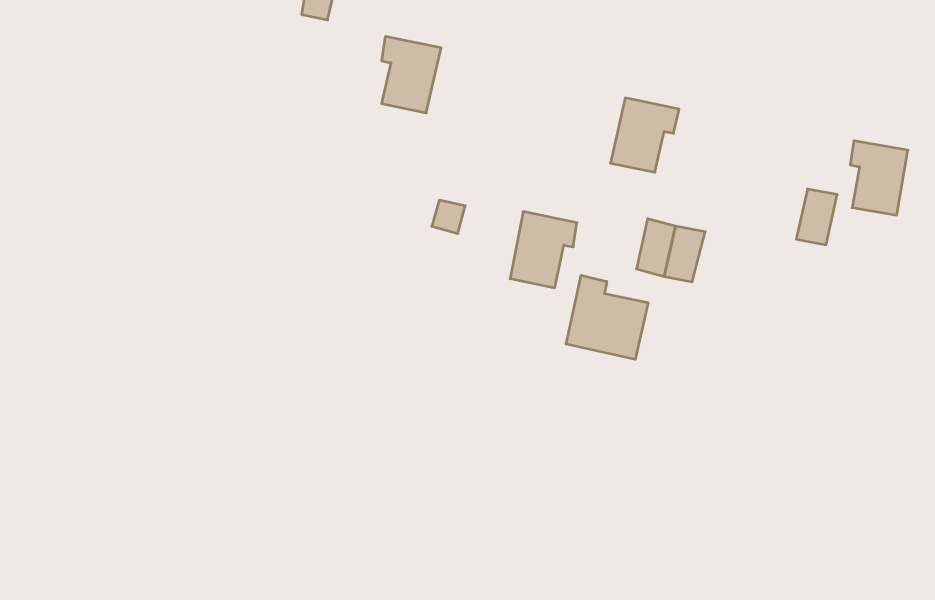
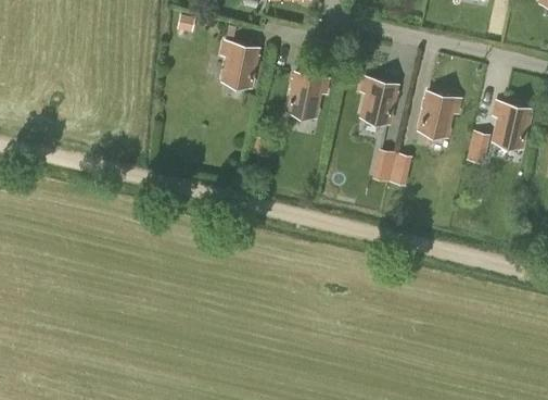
building: none -> [420,92,460,137]
building: [510,212,577,288] -> [289,73,328,117]
building: [566,275,648,359] -> none

